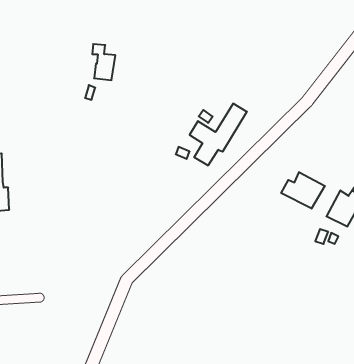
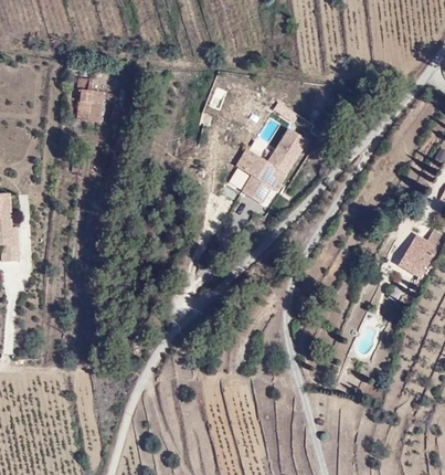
building: [92,44,115,80] -> [74,82,102,125]
building: [281,172,325,209] -> none

